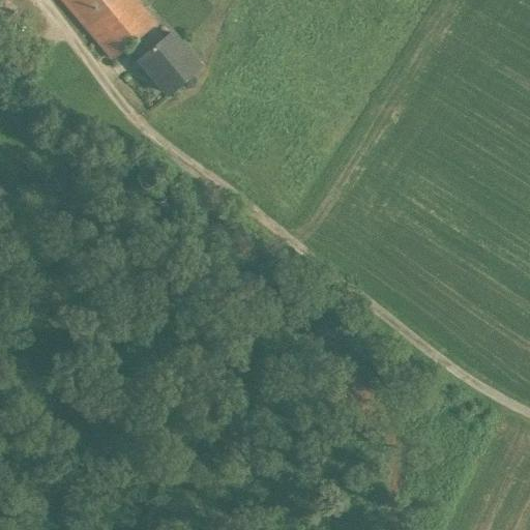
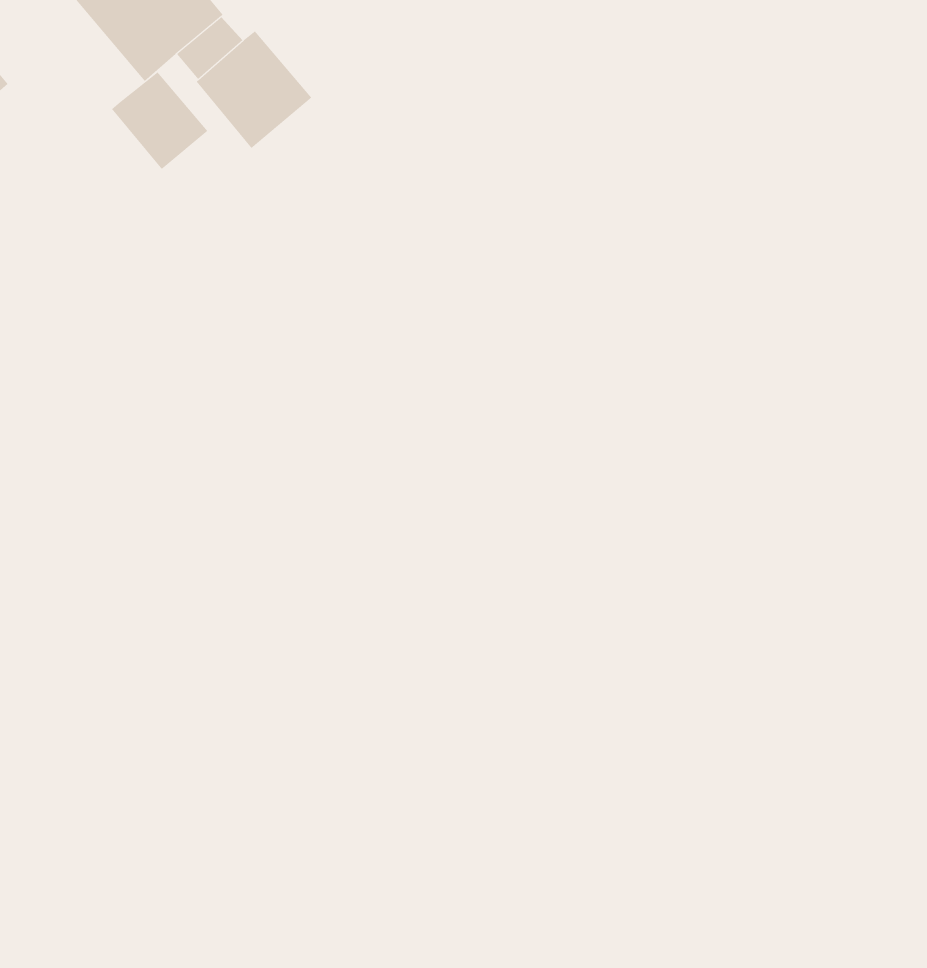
building: none -> [111,72,208,170]

